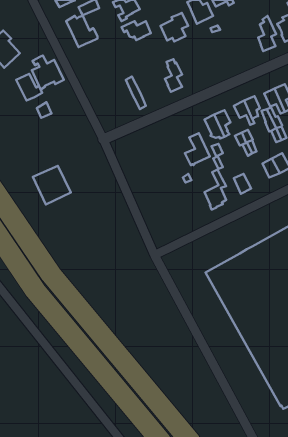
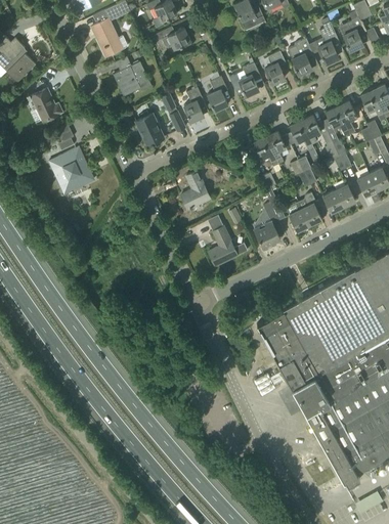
building: [160,13,188,41] -> [229,63,262,97]
building: none -> [289,39,313,76]
building: none -> [265,51,287,85]
building: [32,56,64,89] -> [114,57,152,97]
building: none -> [184,87,205,123]
building: none -> [136,115,165,146]
building: [185,133,210,165] -> [181,172,211,210]
building: none -> [301,192,322,226]
building: [33,166,71,205] -> [49,148,94,194]
building: none -> [209,227,237,266]

